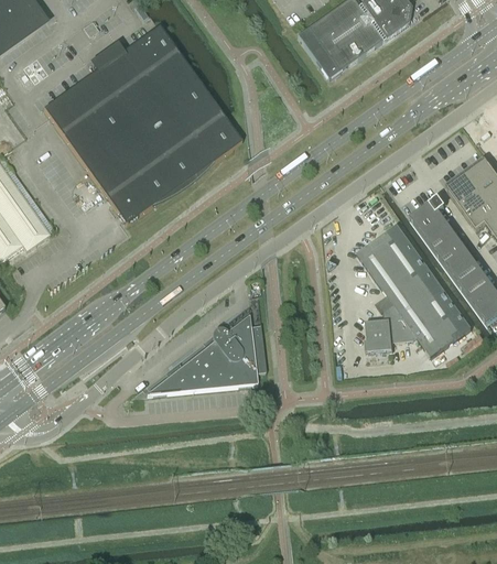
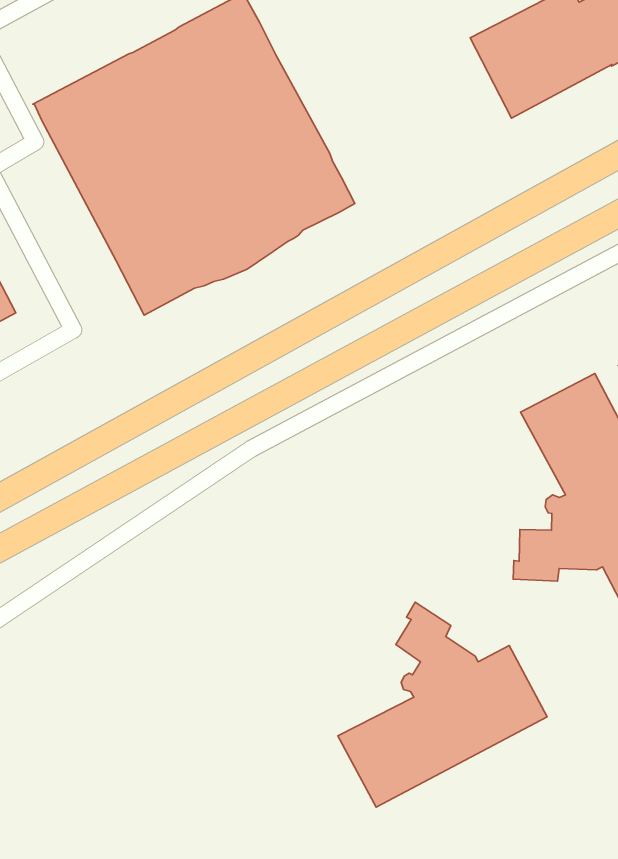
building: [147,313,266,393] -> none
building: none -> [338,602,547,807]

